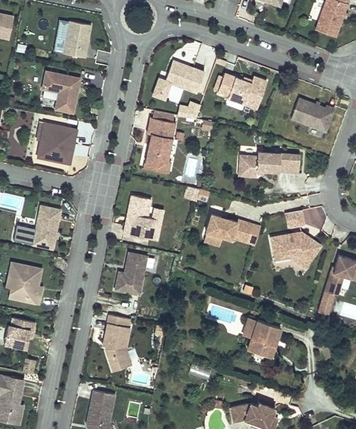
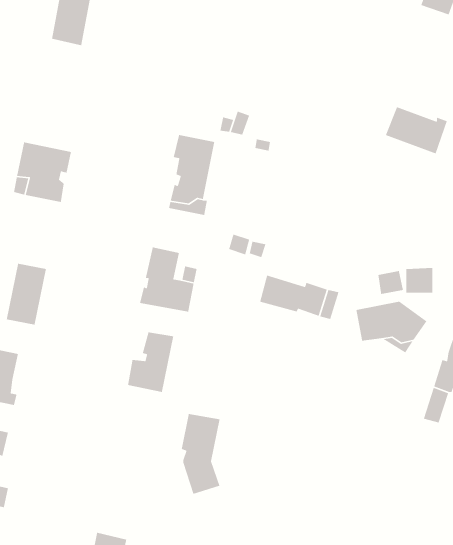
building: [152,60,204,100] -> none
building: [42,72,80,113] -> none
building: [217,73,267,109] -> none
building: [239,152,299,177] -> none
building: [104,315,131,371] -> [181,413,220,495]
building: [242,317,281,358] -> none

